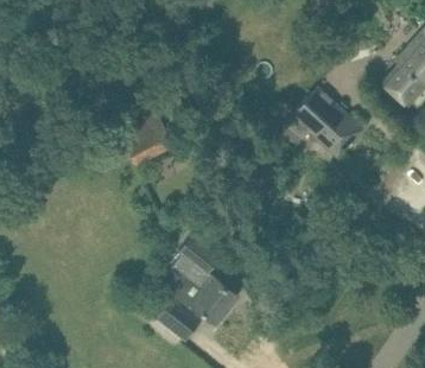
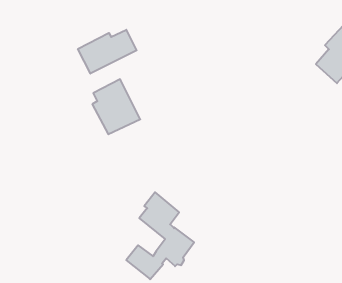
building: none -> [78,30,137,74]
building: [285,88,362,159] -> none

